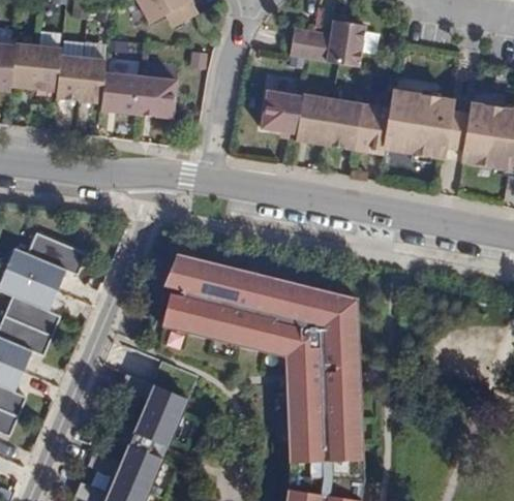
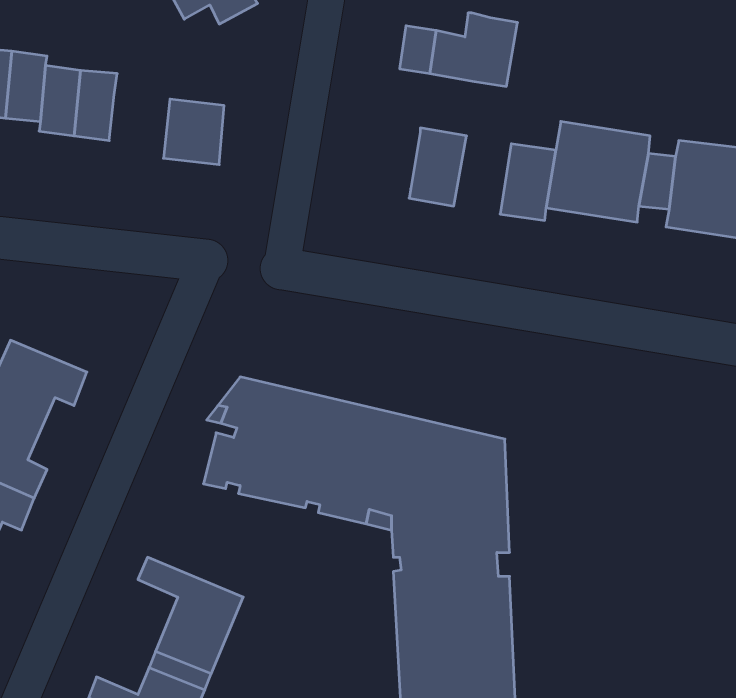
building: [100,73,140,115] -> none
building: [260,91,302,134] -> none
building: [324,100,361,151] -> none

